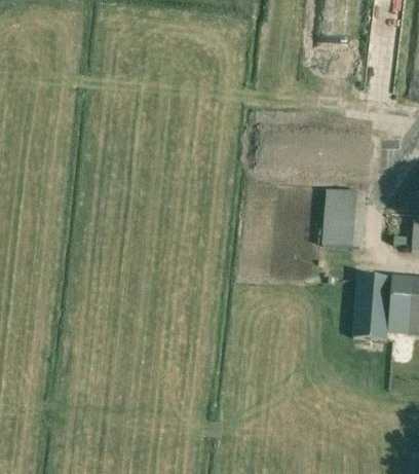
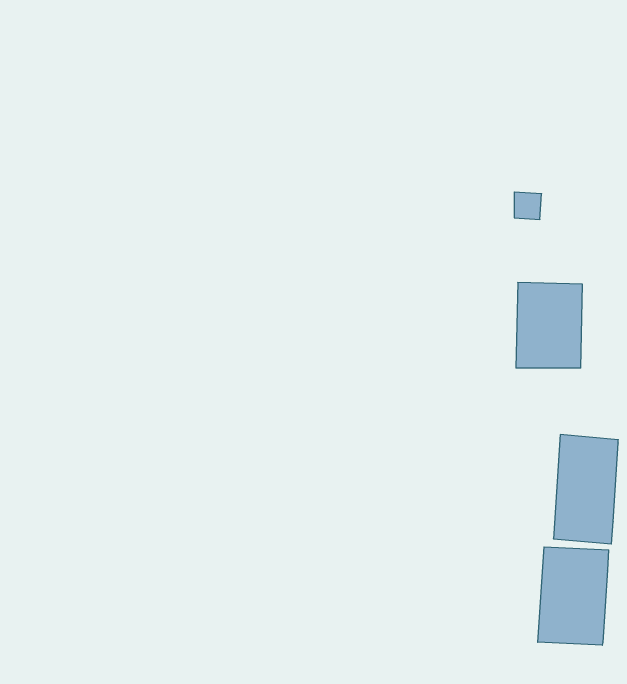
building: none -> [538,547,609,645]

